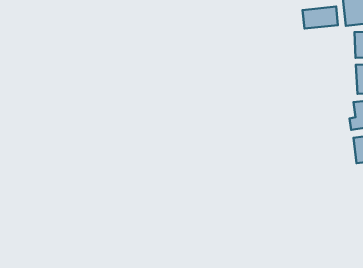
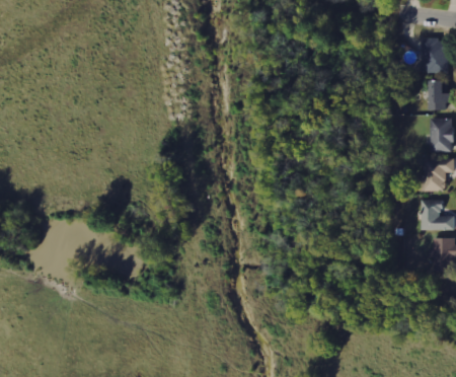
building: [303,6,338,29] -> none

